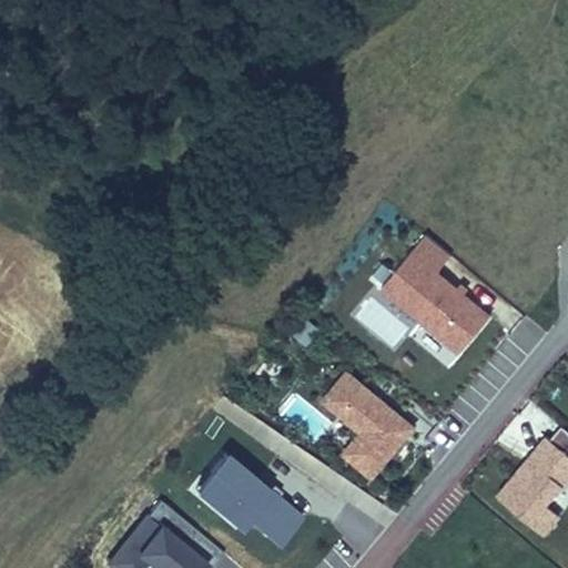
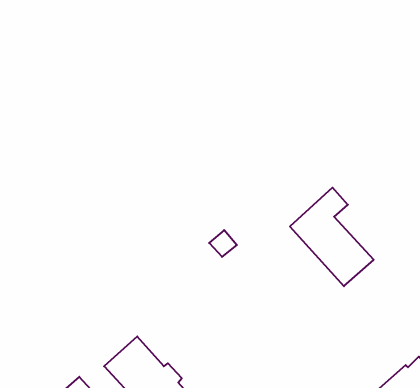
building: [324,374,414,478] -> none

